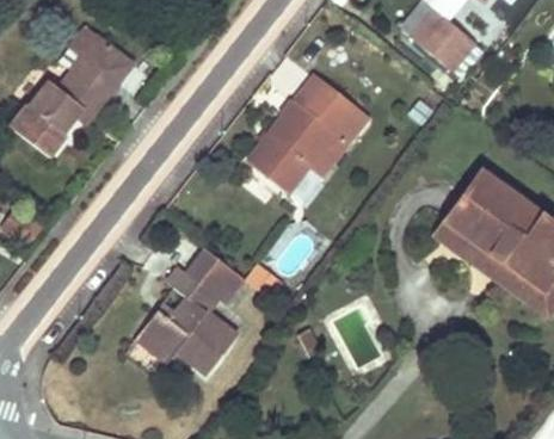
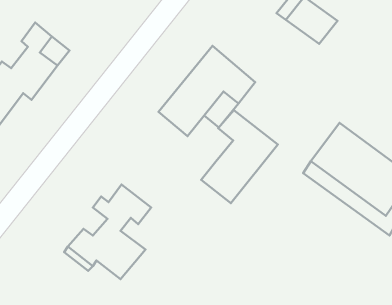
building: none -> [201,110,278,203]

